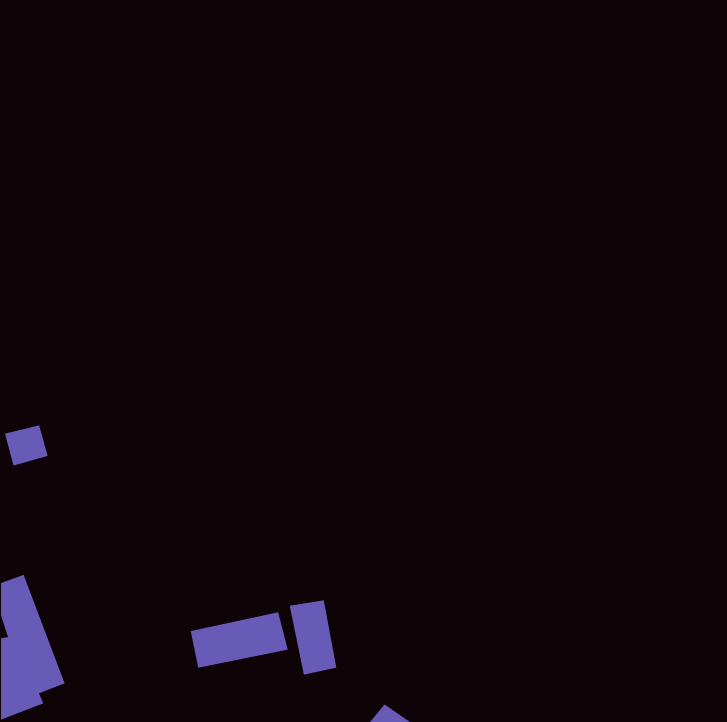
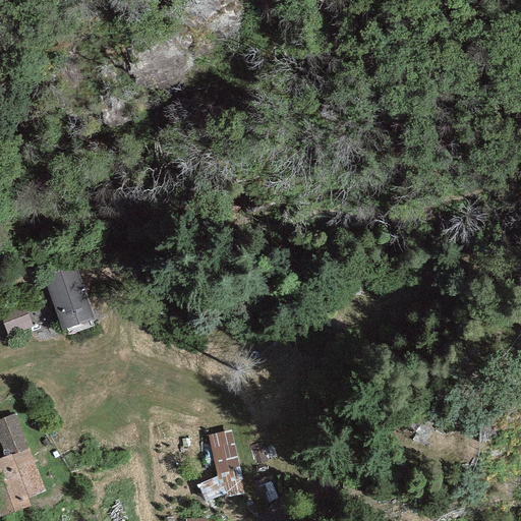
building: none -> [44,267,92,330]
building: [190,611,288,669] -> none

